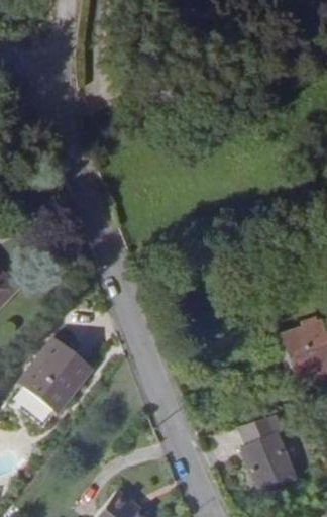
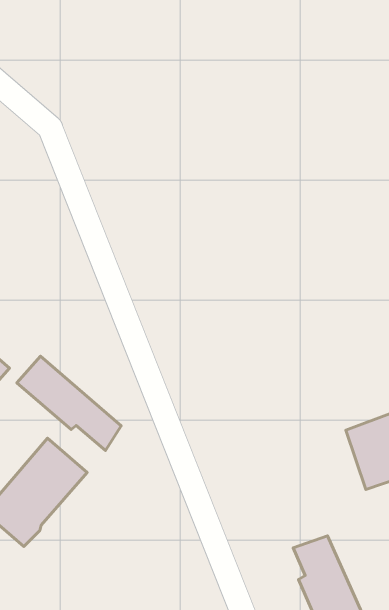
building: none -> [17,356,121,450]

